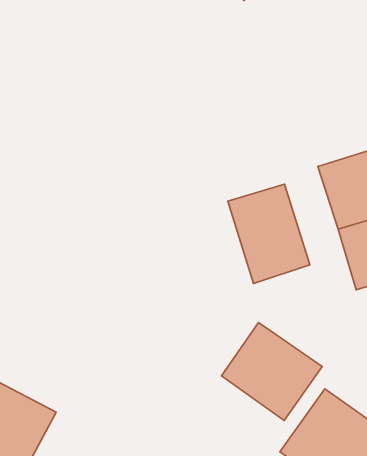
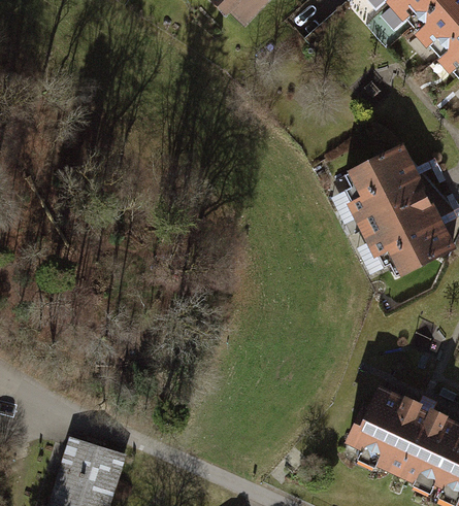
building: [228,184,310,283] -> none
building: [222,323,322,421] -> none

